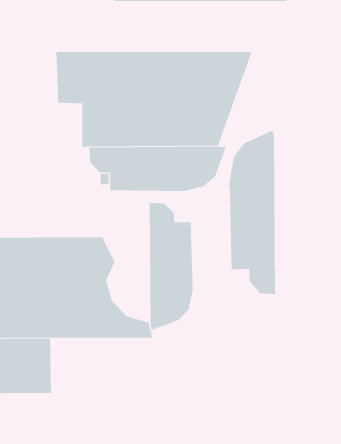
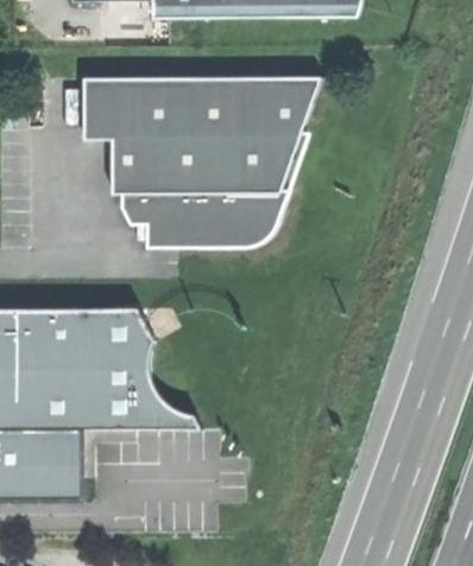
building: [229,129,276,295] -> none
building: [149,202,193,331] -> none

